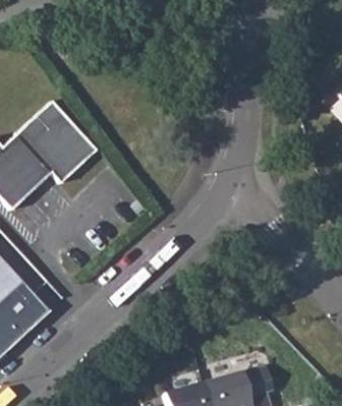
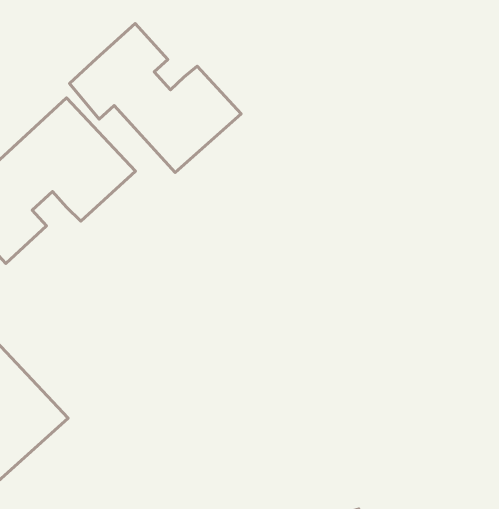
building: none -> [69,24,241,173]

